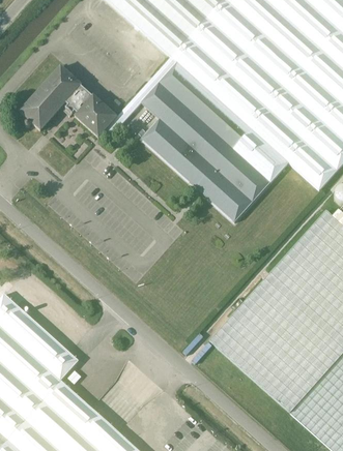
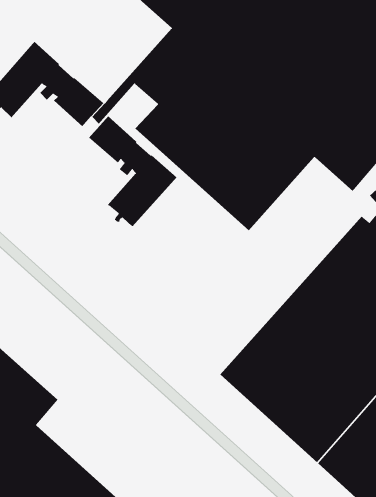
building: none -> [88,115,177,227]

